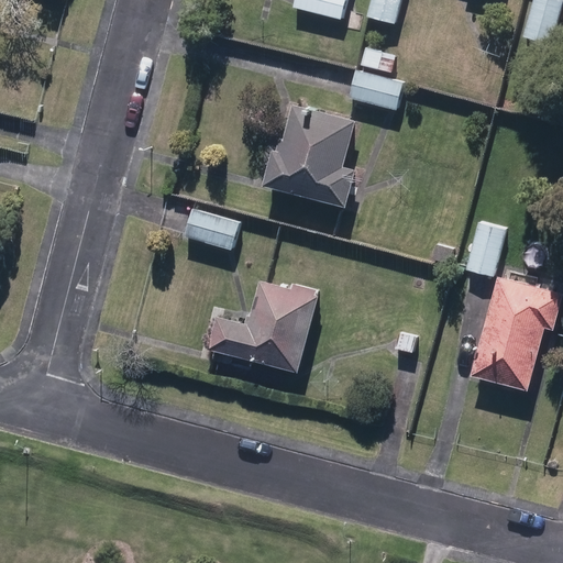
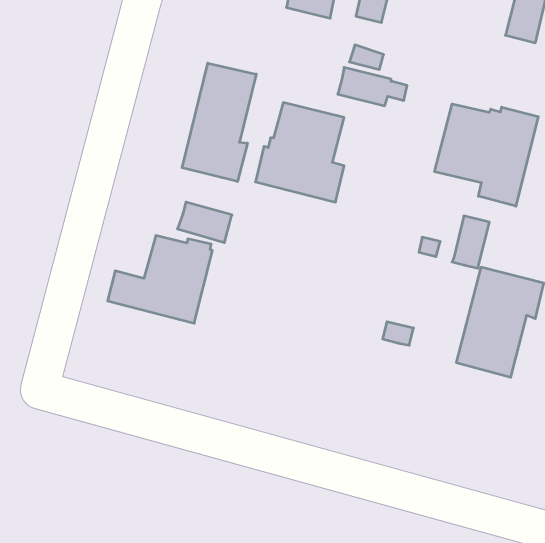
building: none -> [182,63,256,182]
building: none -> [435,104,538,206]
building: [210,283,318,373] -> [108,236,212,323]

